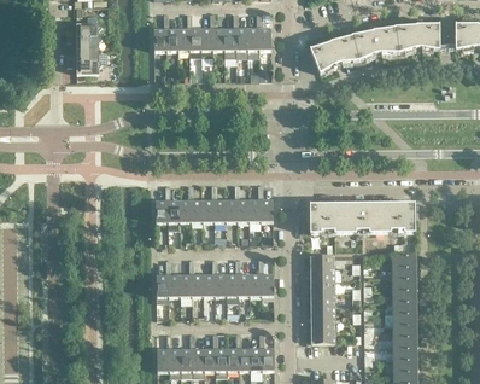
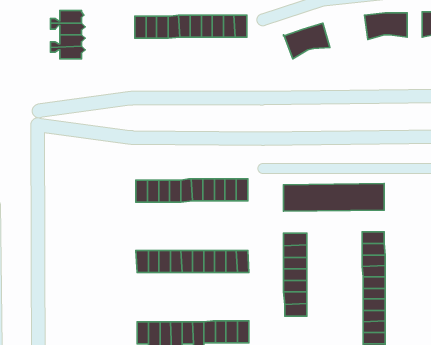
building: [351,25,398,59] -> none

